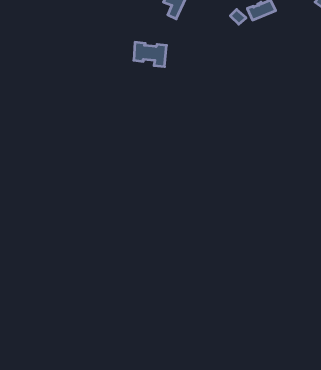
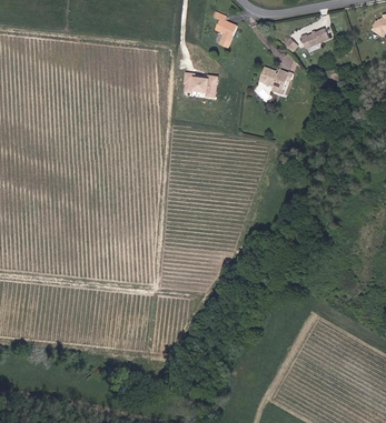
building: none -> [259,67,295,94]

